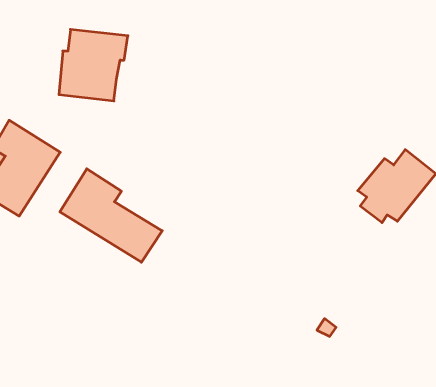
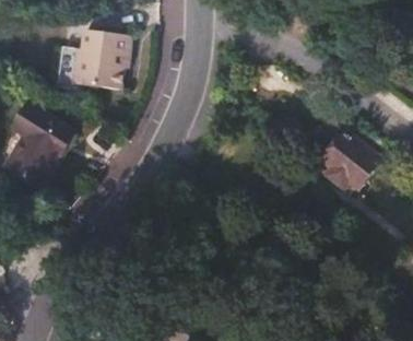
building: [60,169,162,262] -> none

